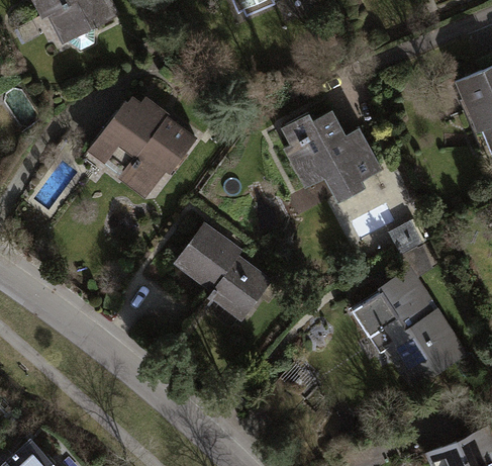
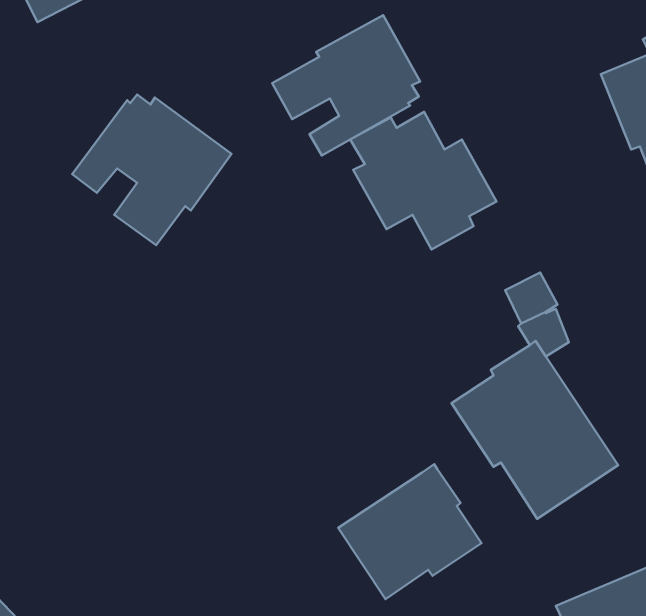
building: none -> [272,15,420,155]
building: [174,222,273,322] -> none
building: none -> [338,464,481,599]

